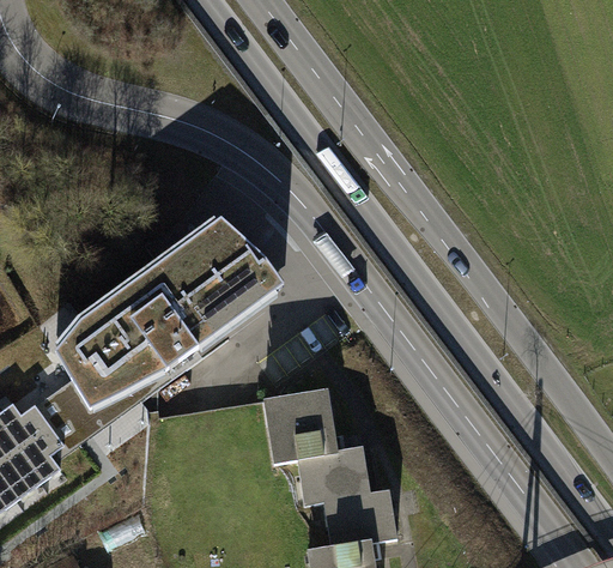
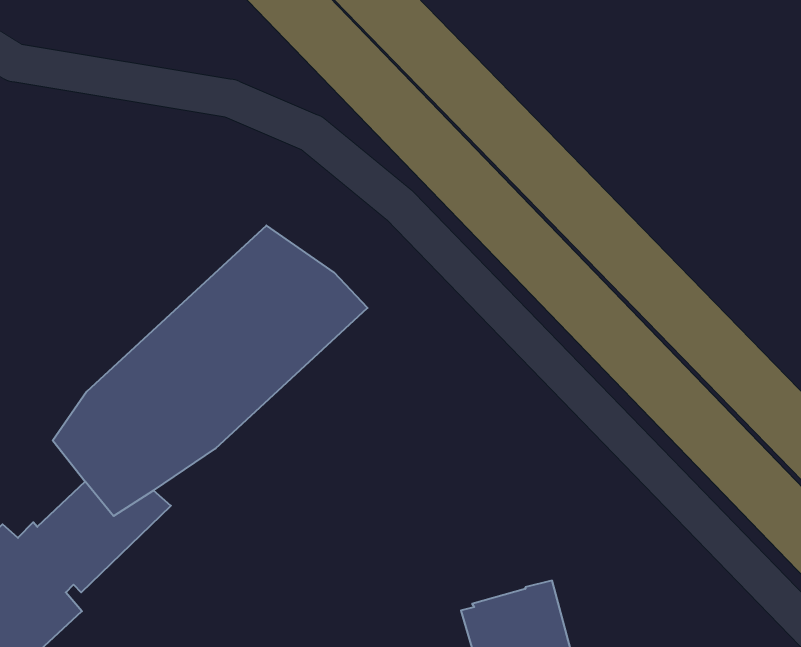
building: [263,387,370,503] -> none

